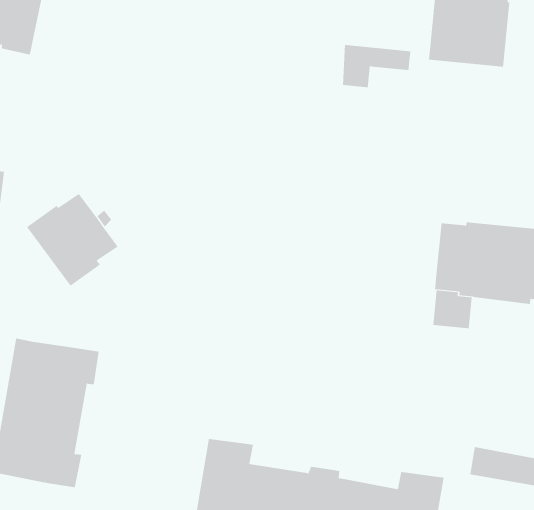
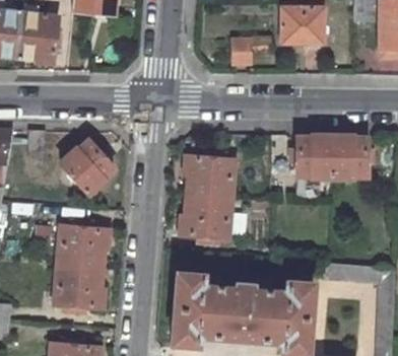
building: none -> [180,155,235,237]

